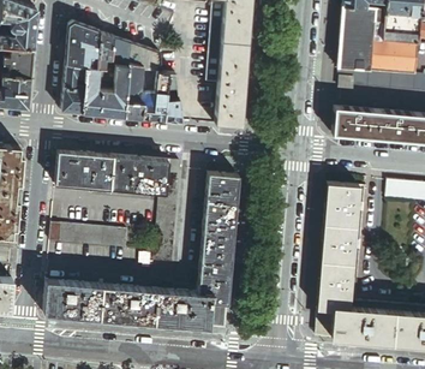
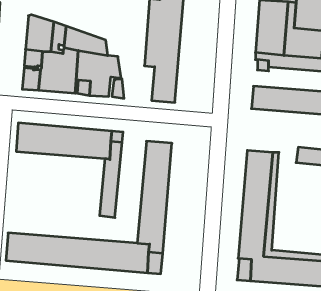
building: [50,225,130,250] -> none

